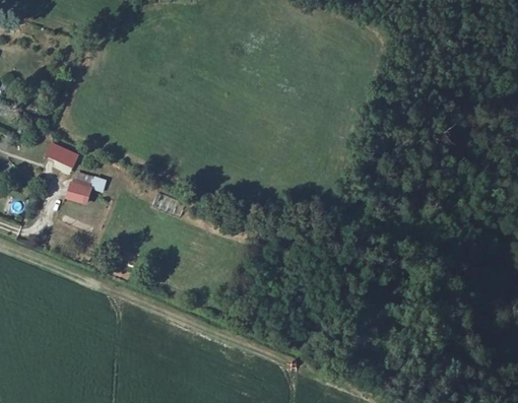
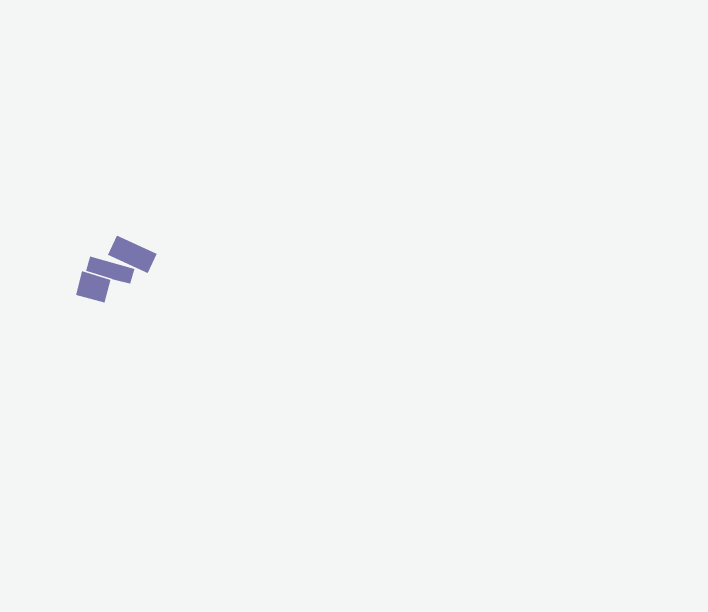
building: [46,142,78,167] -> [107,234,158,274]

